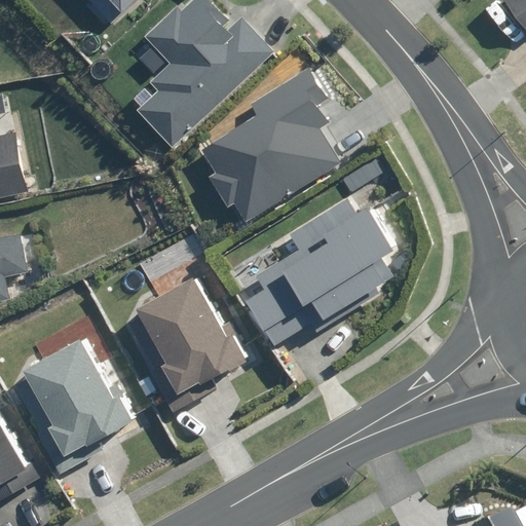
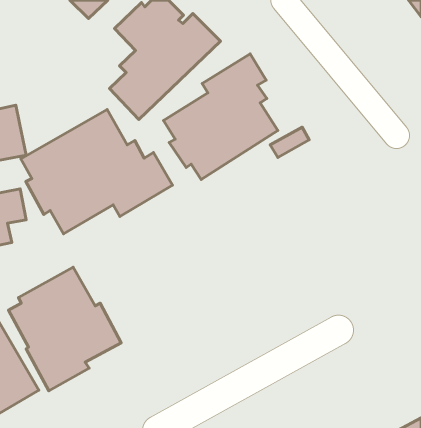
building: none -> [21,110,173,234]
building: [235,202,383,349] -> none
building: [136,262,258,392] -> none

